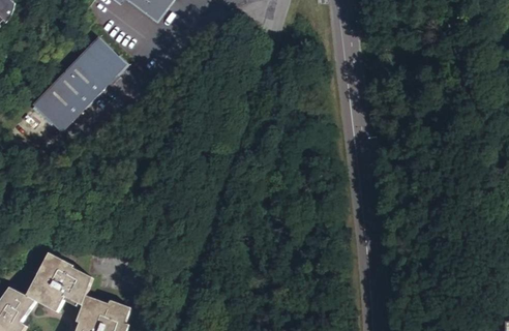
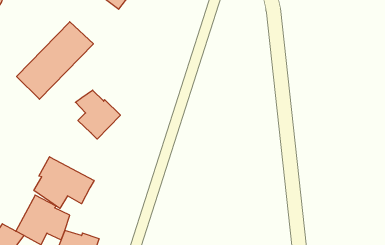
building: none -> [75,90,120,139]
building: none -> [34,157,94,208]

